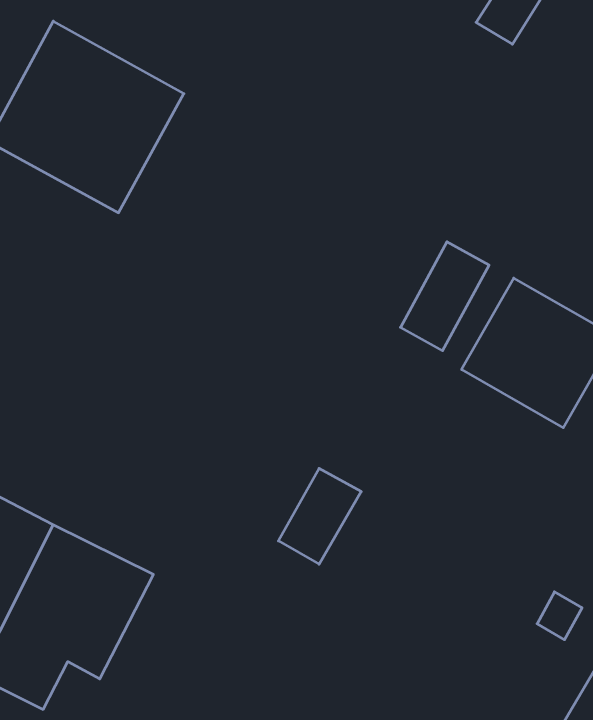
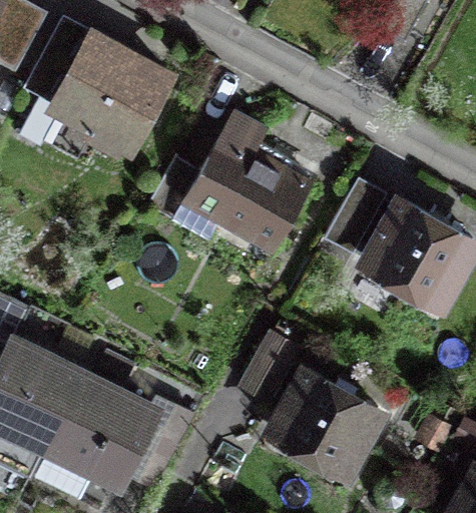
building: none -> [182,120,312,256]
building: none -> [270,372,387,483]

